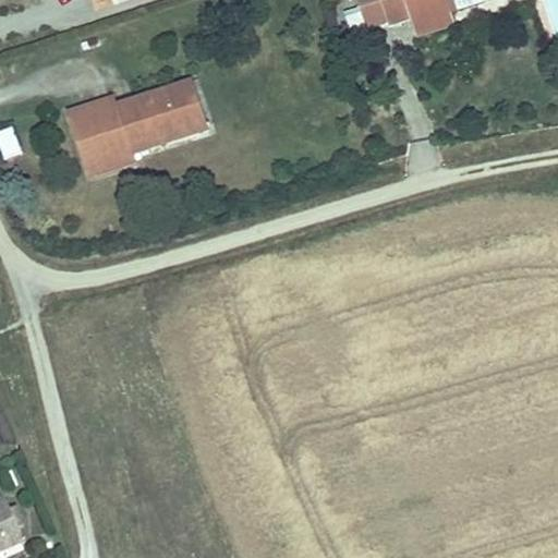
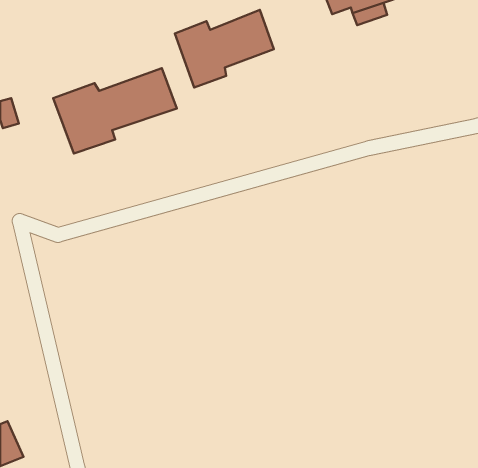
building: none -> [175,10,274,88]

